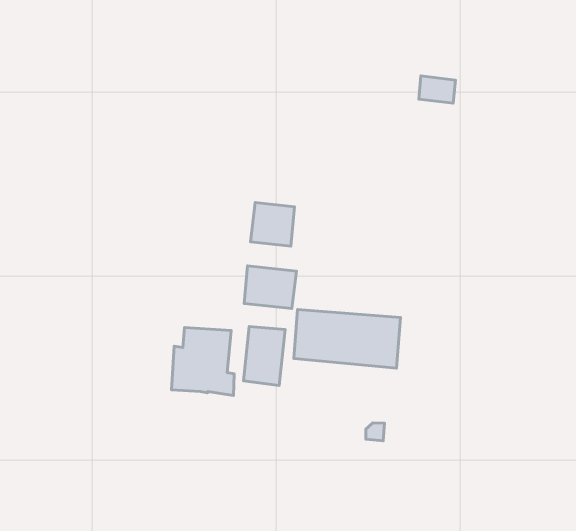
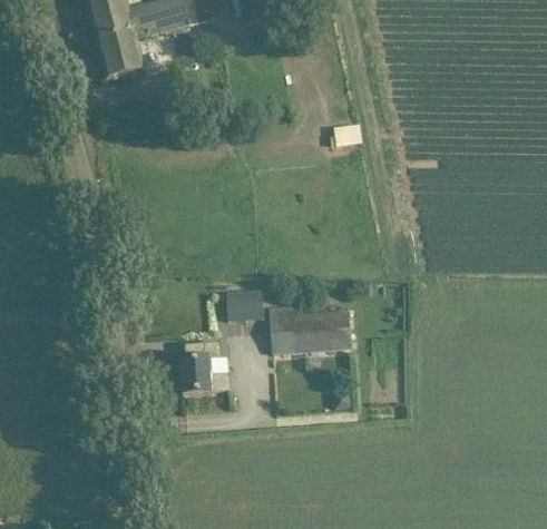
building: [251,203,294,246] -> none
building: [244,327,285,385] -> none

